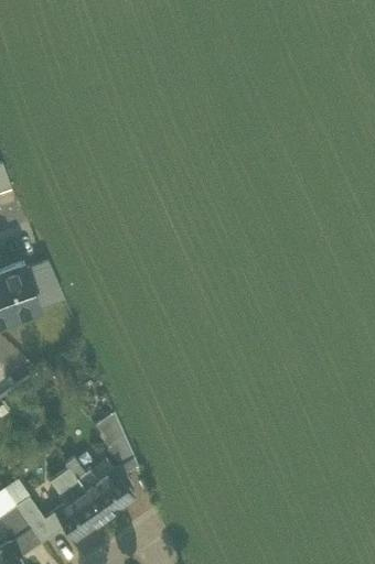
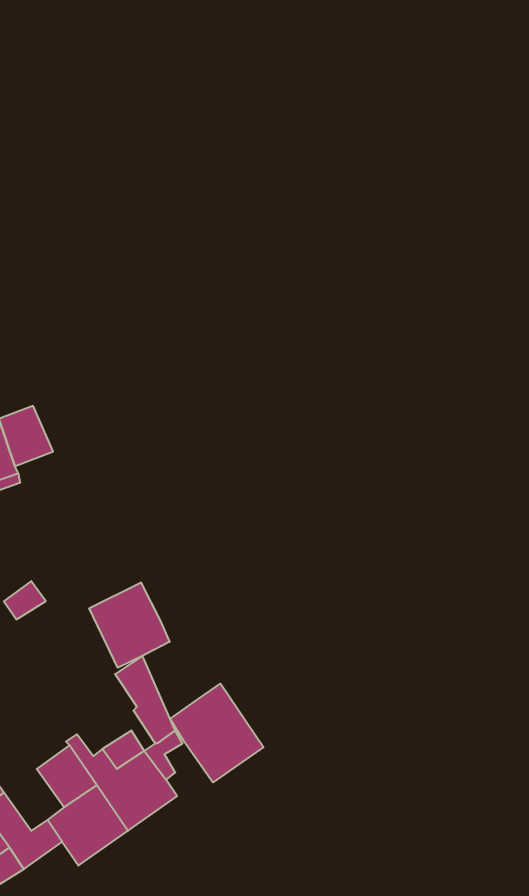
building: none -> [89,582,170,668]
building: none -> [170,684,263,782]

